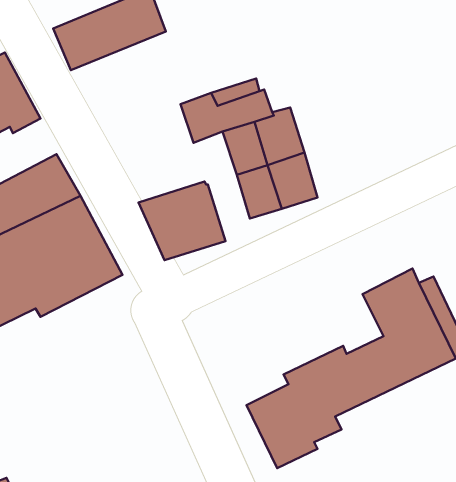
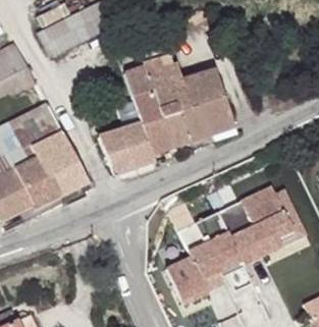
building: none -> [192,70,232,133]
building: none -> [130,92,166,161]

